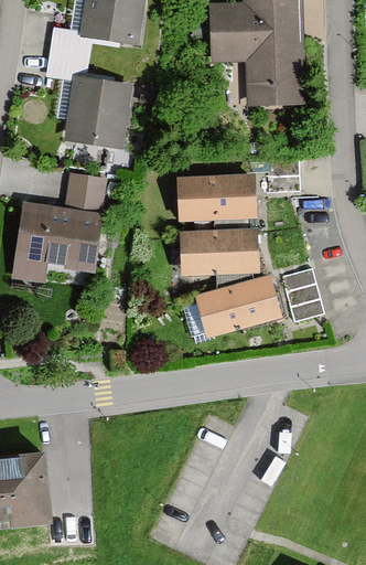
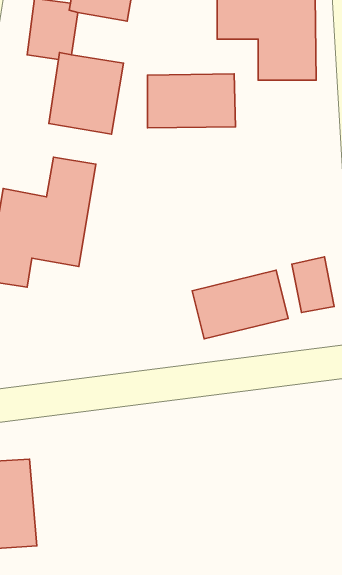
building: [175,173,256,223] -> [148,74,236,128]
building: [177,230,260,278] -> none

